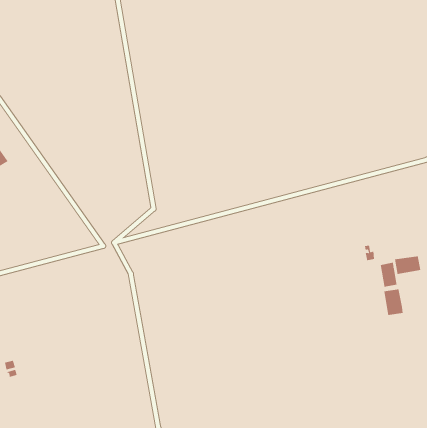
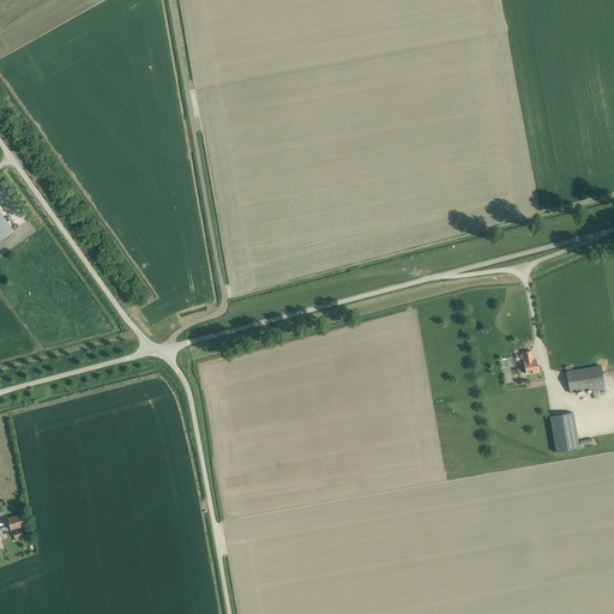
building: [380,262,397,288] -> none

